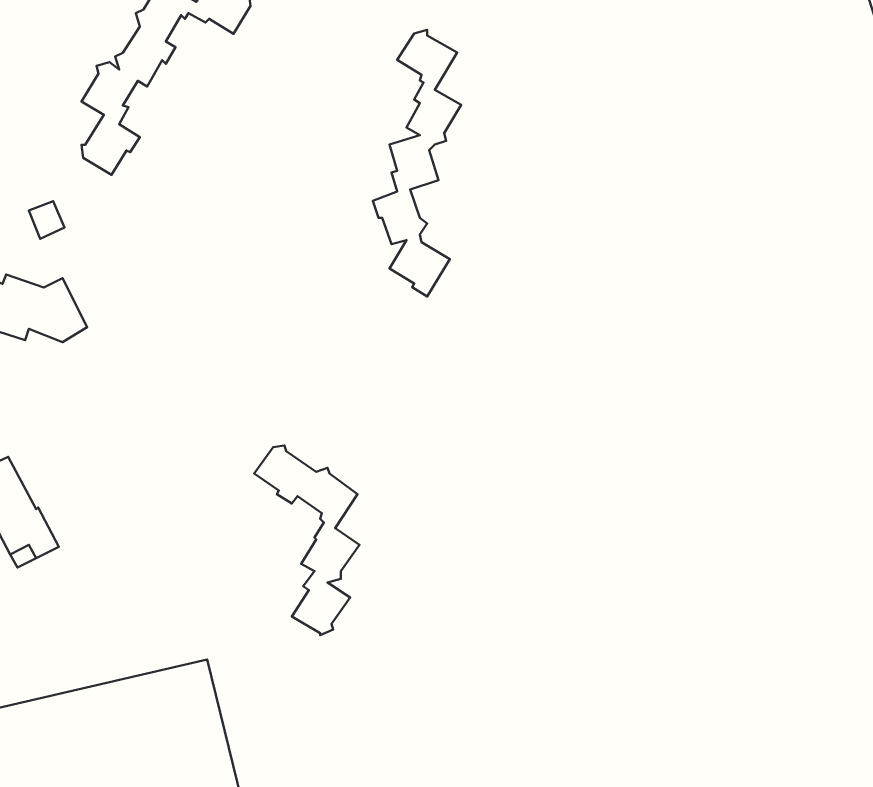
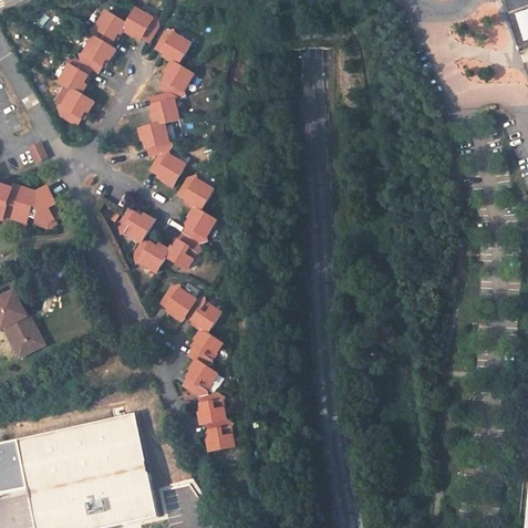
building: [373,30,461,297] -> [139,30,191,187]
building: none -> [118,177,215,272]
building: none -> [198,391,232,449]

